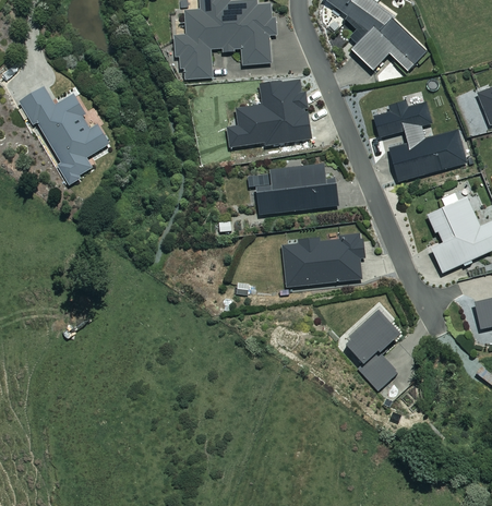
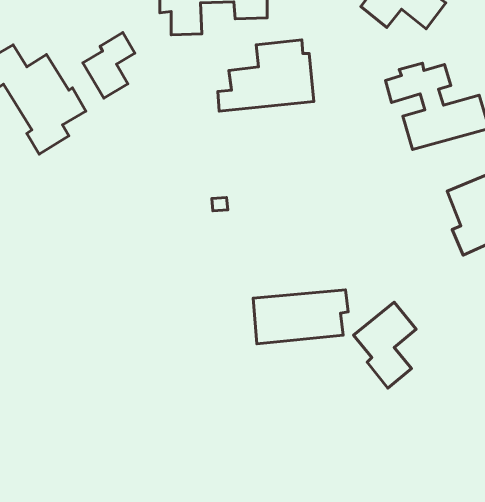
building: none -> [83,33,135,98]
building: [255,165,338,213] -> none
building: [281,237,365,285] -> [253,290,348,344]

